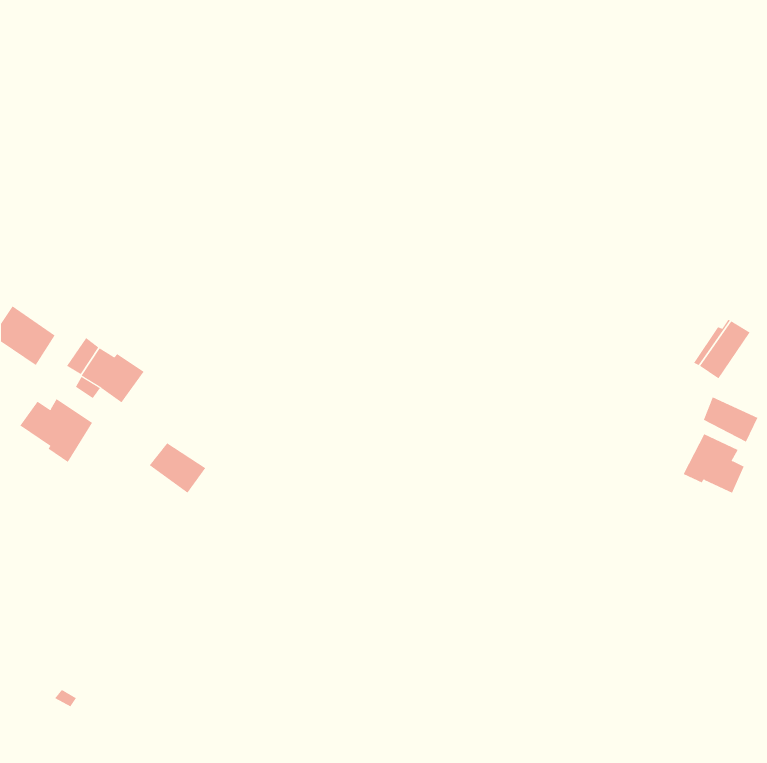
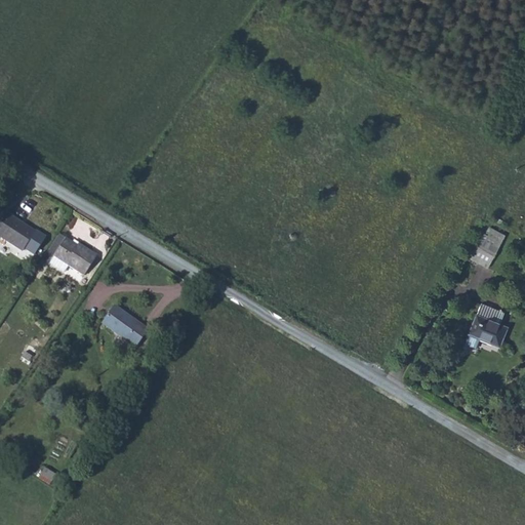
building: [703,397,758,442] -> none
building: [20,398,93,463] -> none

